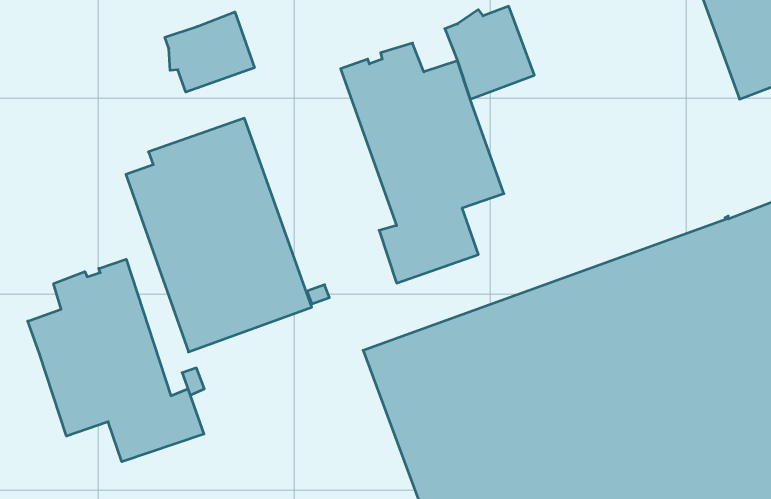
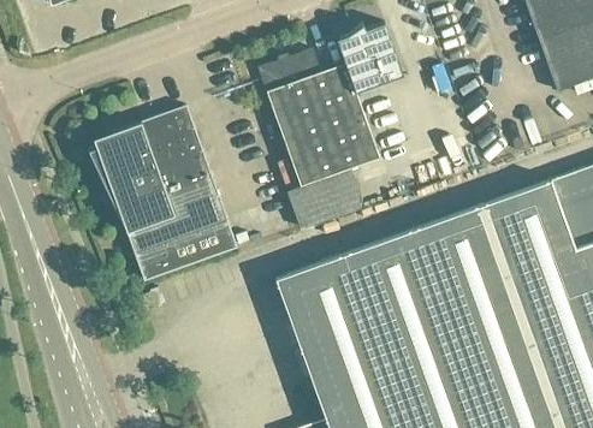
building: [165,12,254,92] -> none
building: [28,259,204,462] -> none

